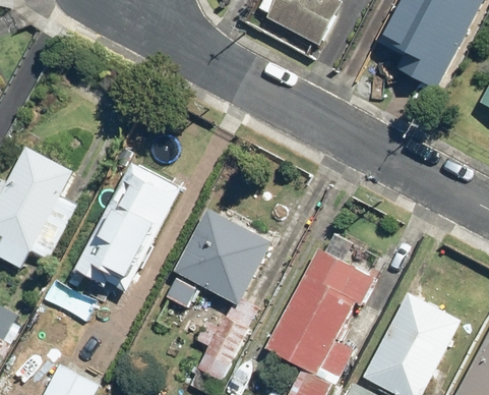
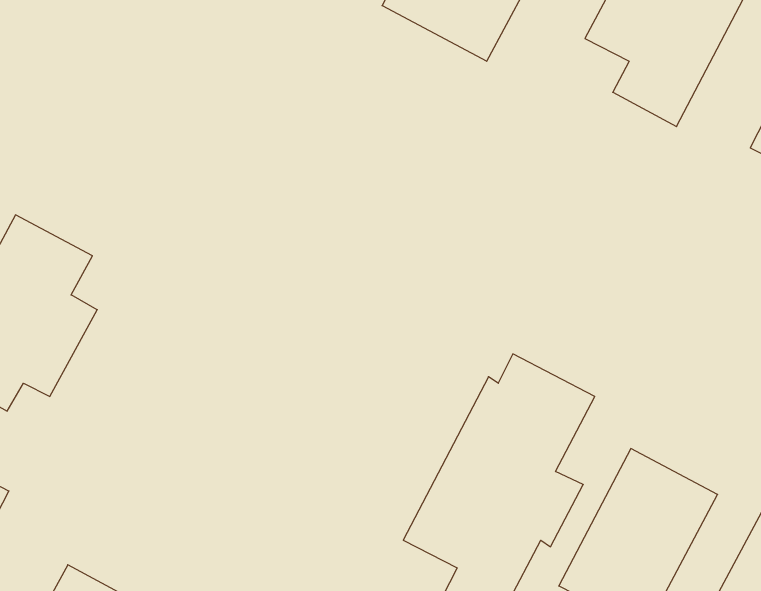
building: [59,161,181,293] -> none
building: [161,206,273,376] -> none

